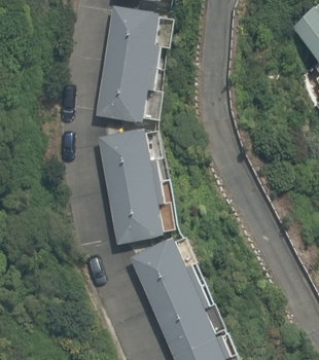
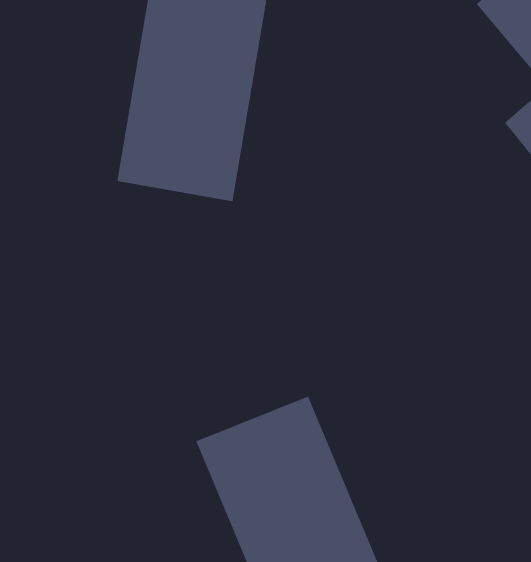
building: [93,132,174,246] -> none

